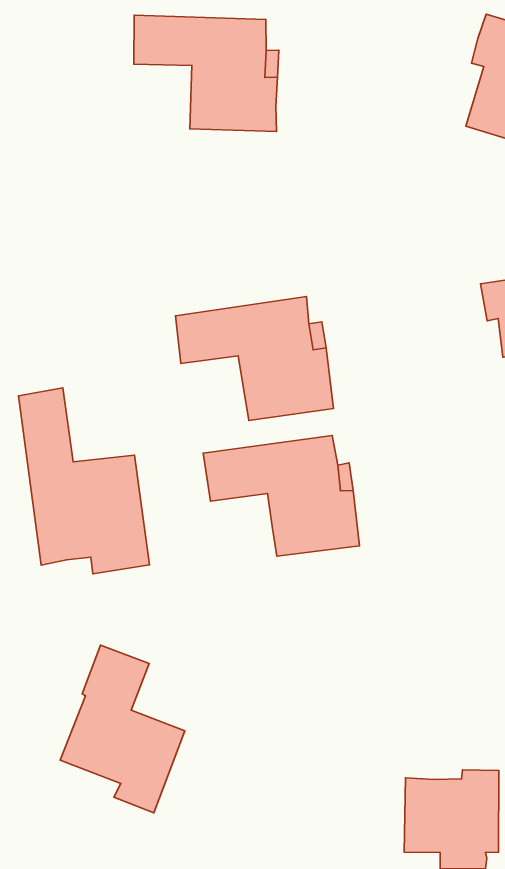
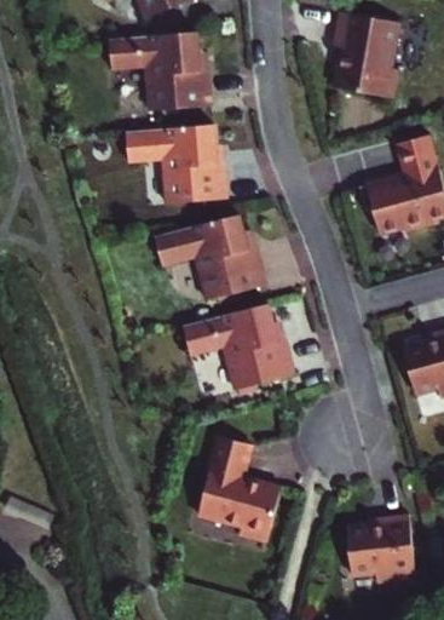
building: none -> [126,124,227,202]
building: [19,388,150,574] -> none
building: [60,645,185,813] -> [203,438,284,546]

